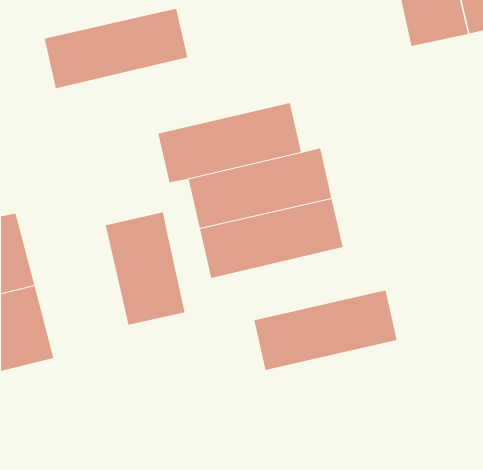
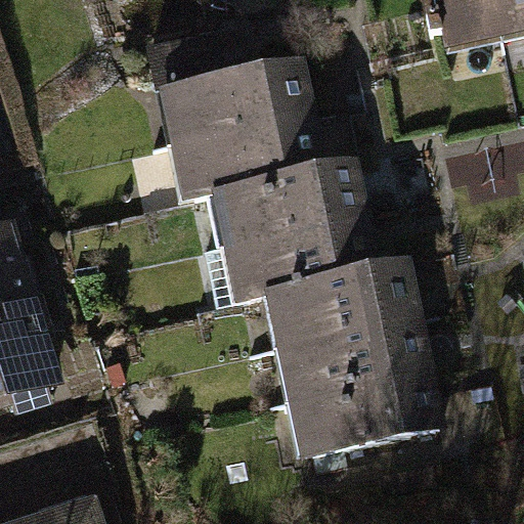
building: [44,8,188,89] -> [160,57,315,144]
building: [105,212,185,326] -> none
building: none -> [263,260,419,346]
building: none -> [288,367,443,453]

